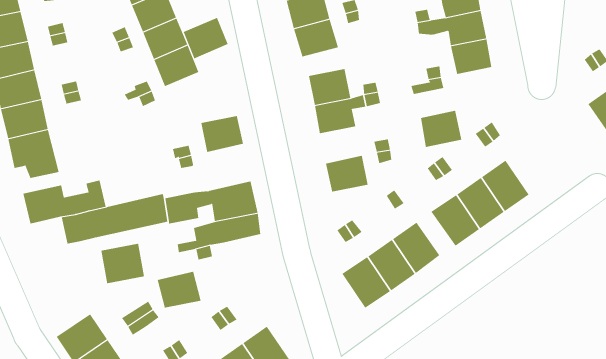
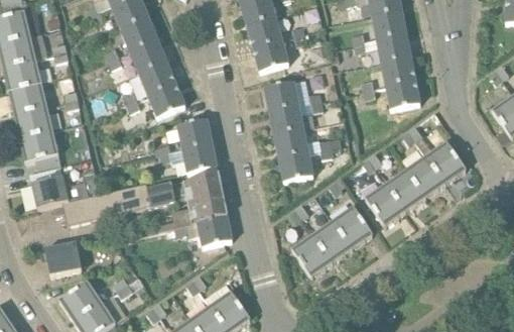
building: [183,17,229,59] -> [147,84,184,118]
building: [420,110,462,147] -> [385,80,419,110]
building: none -> [273,128,308,158]
building: none -> [425,141,466,184]
building: none -> [181,142,217,174]
building: [100,243,145,284] -> [45,241,82,274]
building: [157,271,201,308] -> [196,216,232,246]

